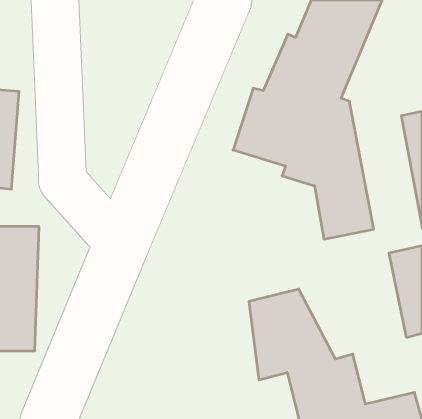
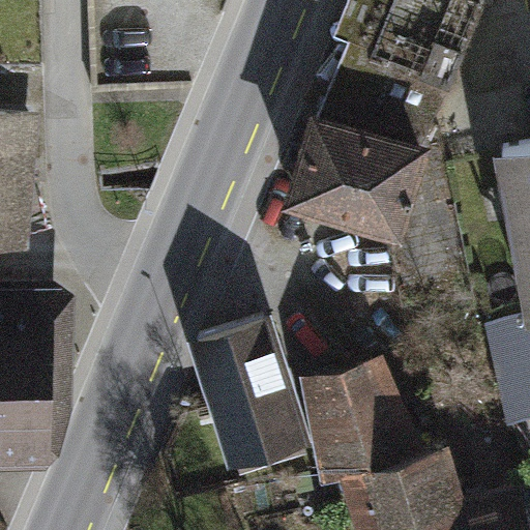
building: none -> [195,321,301,477]

